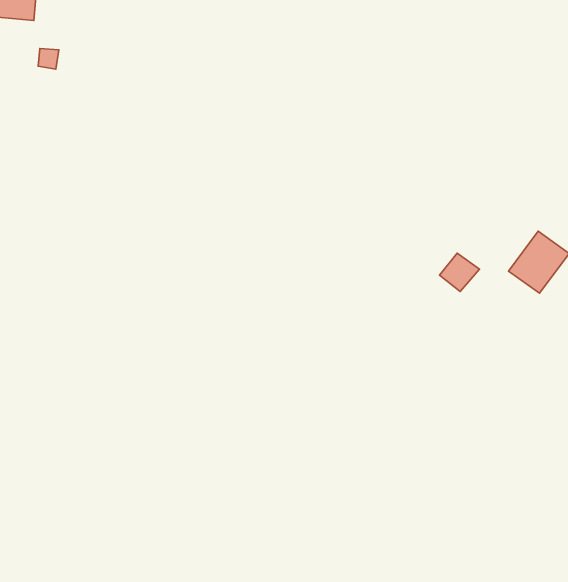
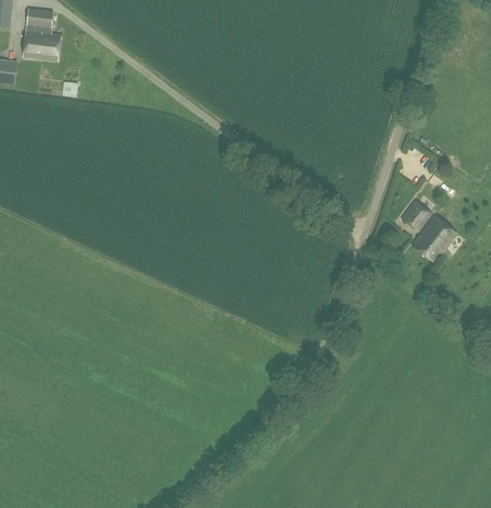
building: [440,253,479,291] -> [401,200,431,228]

